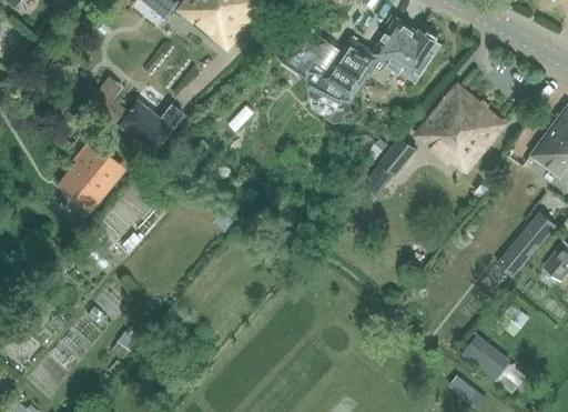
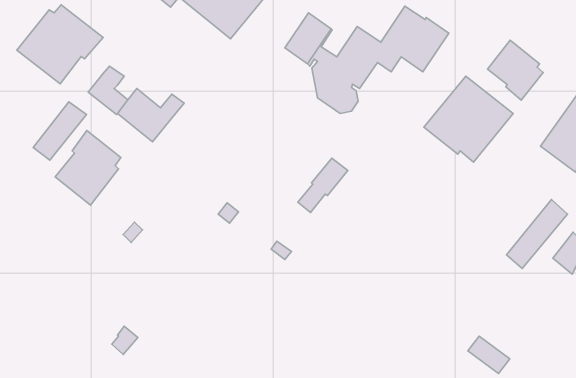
building: none -> [17,5,103,84]
building: none -> [488,40,543,100]
building: none -> [33,102,87,160]
building: [367,138,416,191] -> [298,158,348,212]

